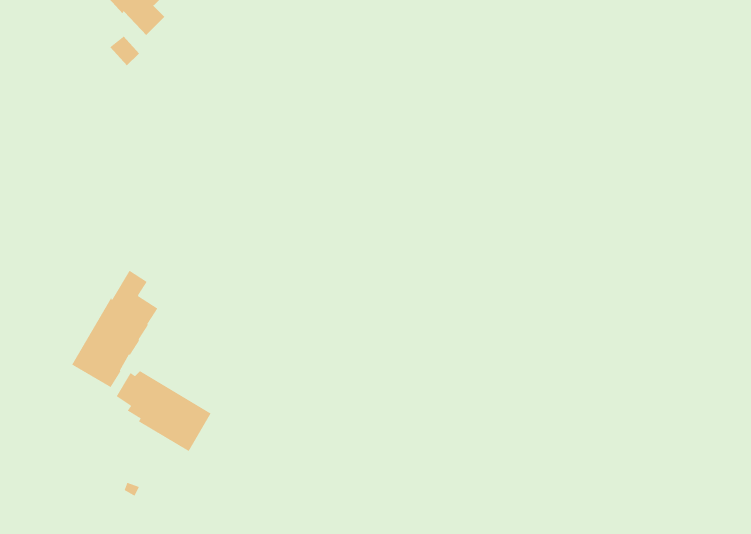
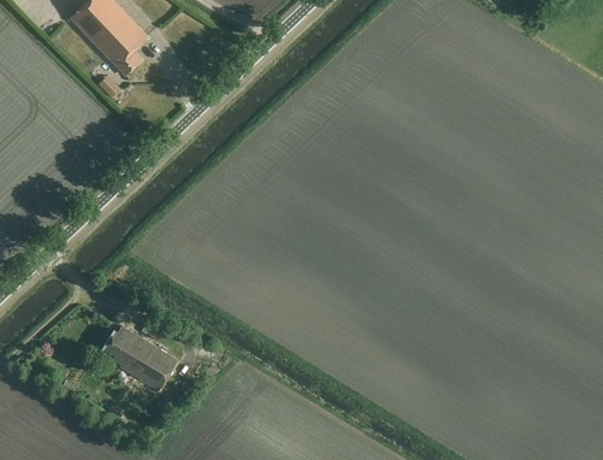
building: [70,270,158,389] -> none

